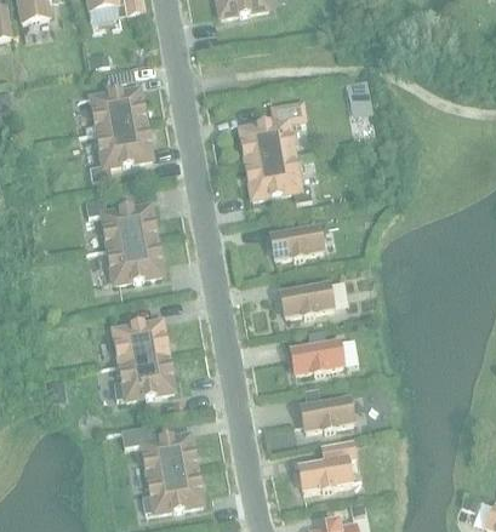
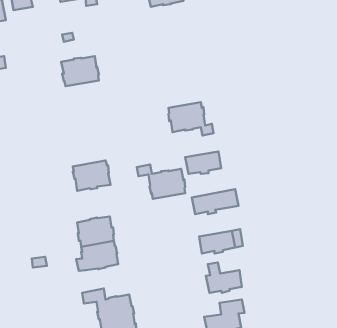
building: [239,102,304,162] -> none
building: [89,122,150,182] -> none
building: [84,198,154,247] -> [137,165,185,199]

